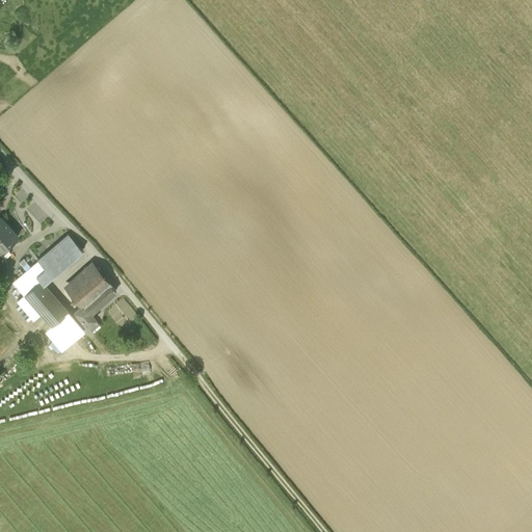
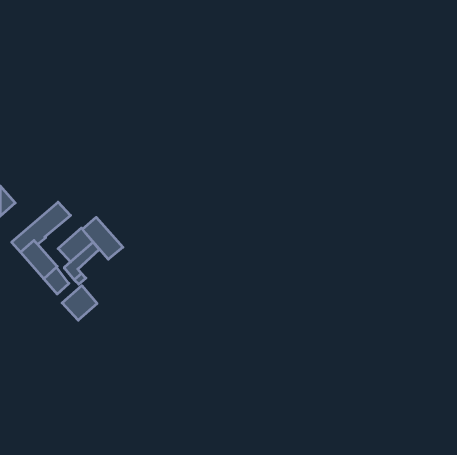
building: none -> [83,217,123,259]
building: none -> [62,286,97,320]

